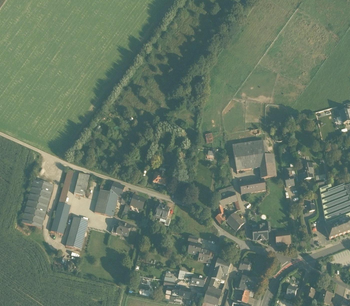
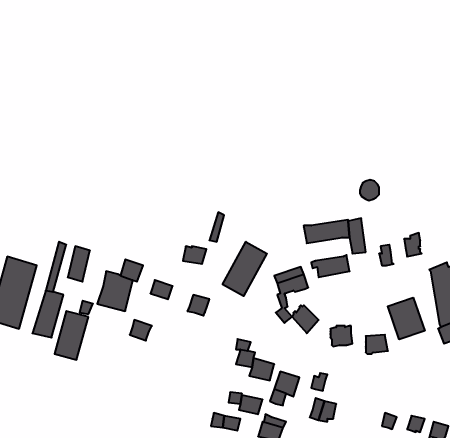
building: [237,140,264,158] -> none
building: none -> [223,242,267,296]
building: none -> [388,298,425,339]

